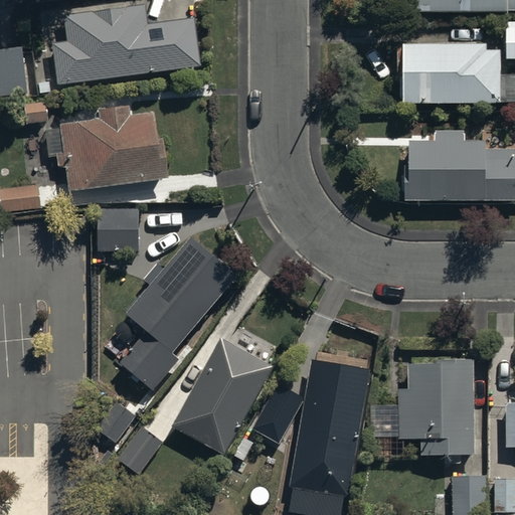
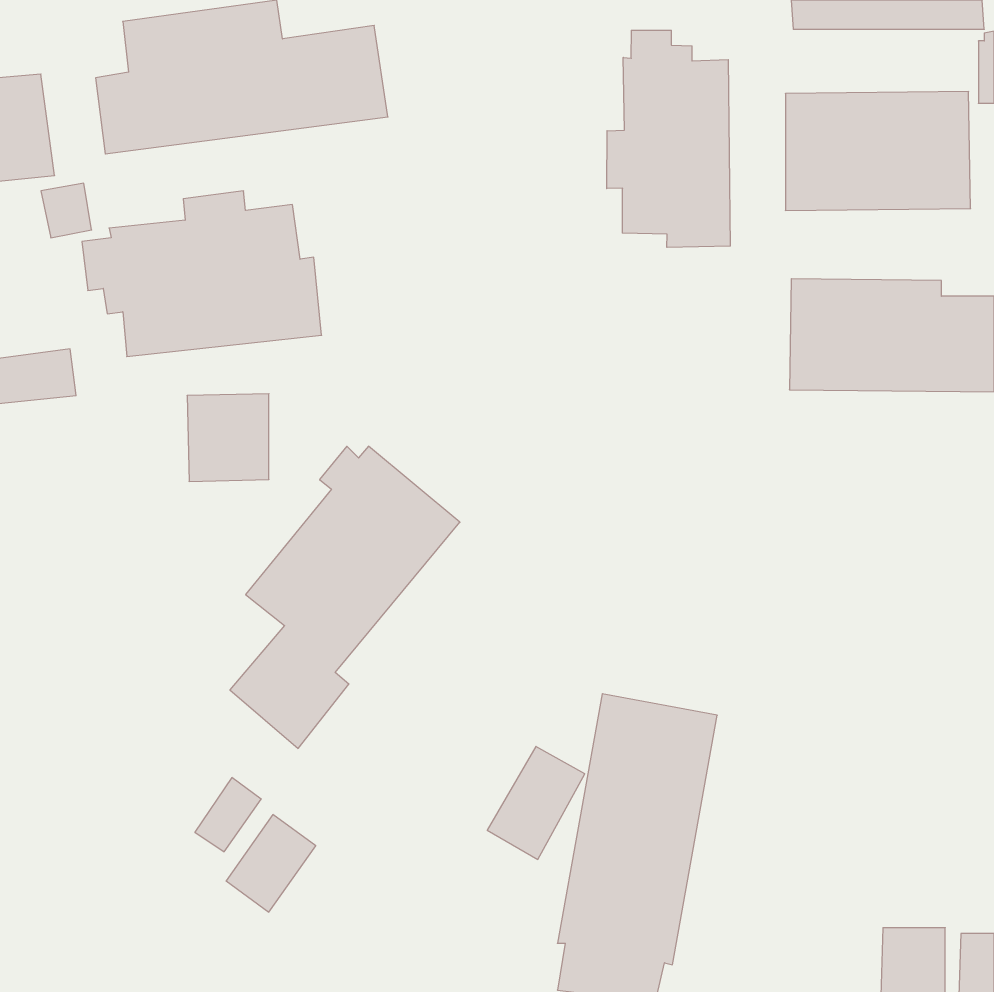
building: none -> [607,30,730,247]
building: [172,332,274,451] -> none
building: [399,371,475,460] -> none

